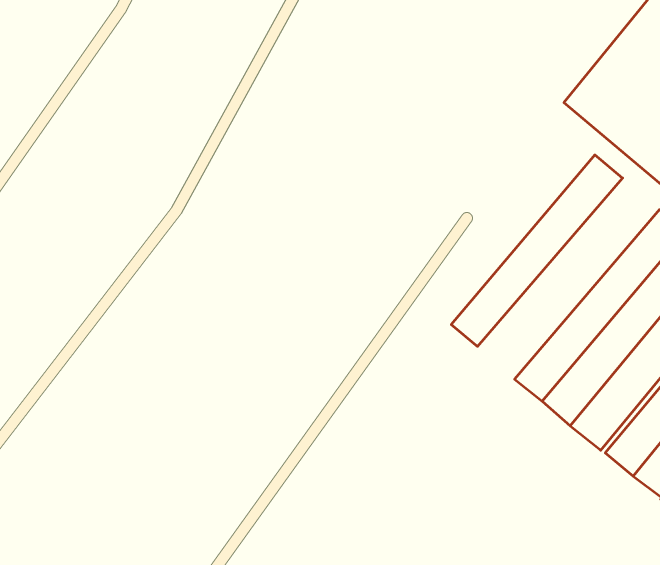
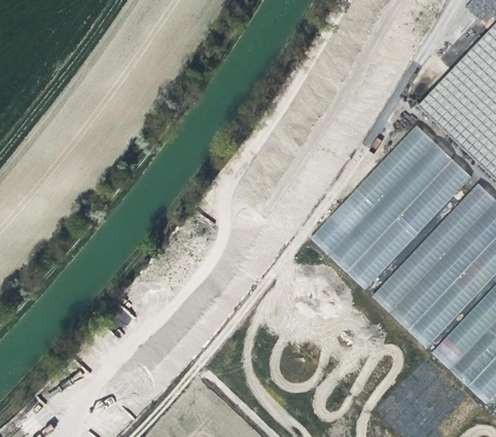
building: none -> [311,123,438,255]
building: none -> [348,159,475,291]

